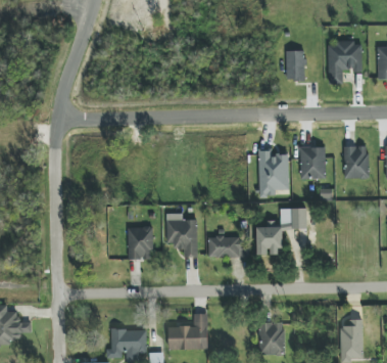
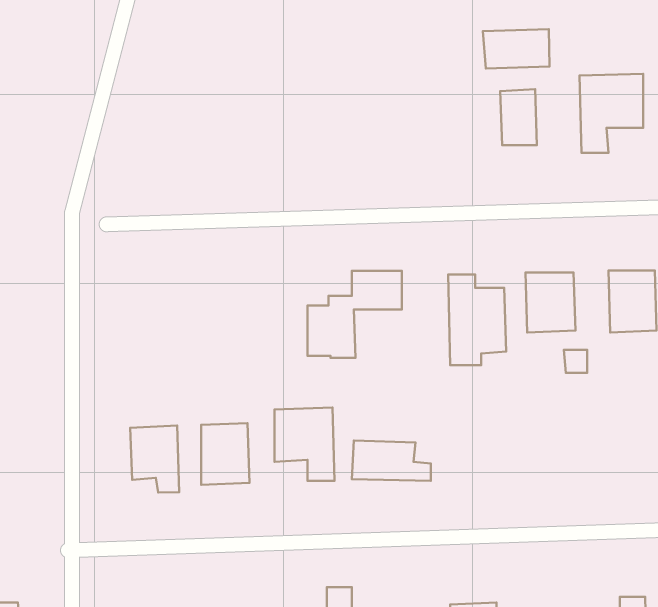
building: none -> [483,29,550,69]
building: [256,209,306,255] -> [307,271,402,358]
building: none -> [130,425,179,492]

